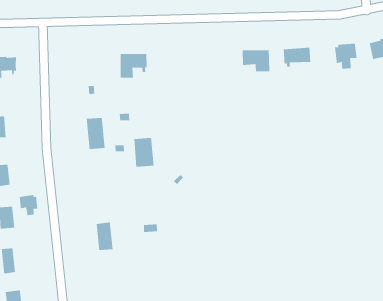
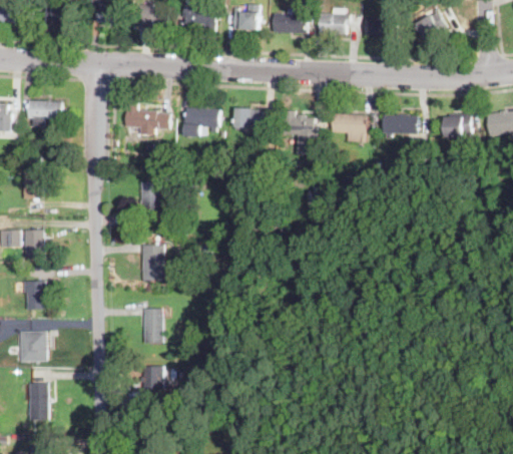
building: none -> [283,109,317,154]
building: none -> [234,107,263,126]
building: none -> [125,102,170,134]
building: [133,137,155,168] -> [142,244,165,279]
building: [19,194,38,216] -> none
building: none -> [143,365,163,388]

